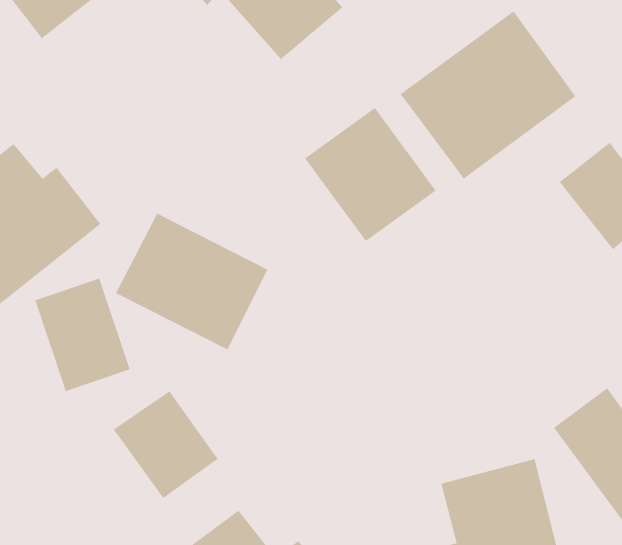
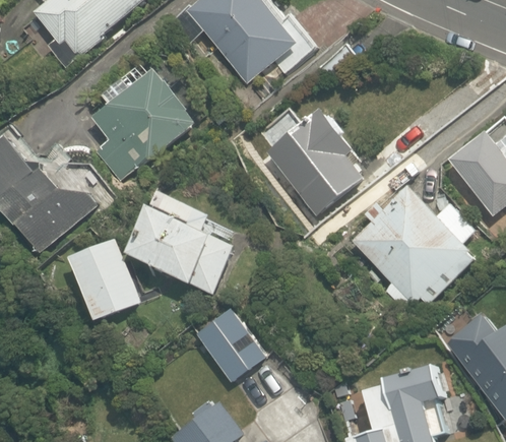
building: [400,11,576,180] -> none
building: none -> [89,53,202,183]
building: none -> [344,178,477,311]
building: [113,391,219,499] -> [192,304,269,383]

